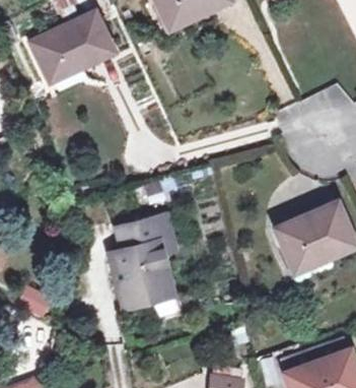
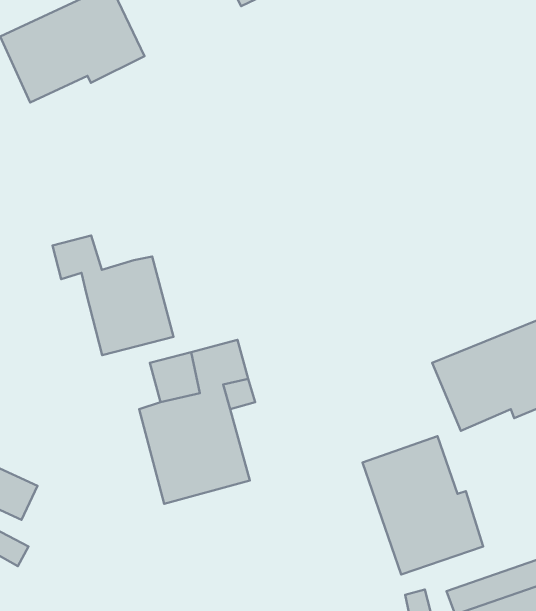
building: none -> [53,236,173,355]
building: none -> [362,436,483,574]

